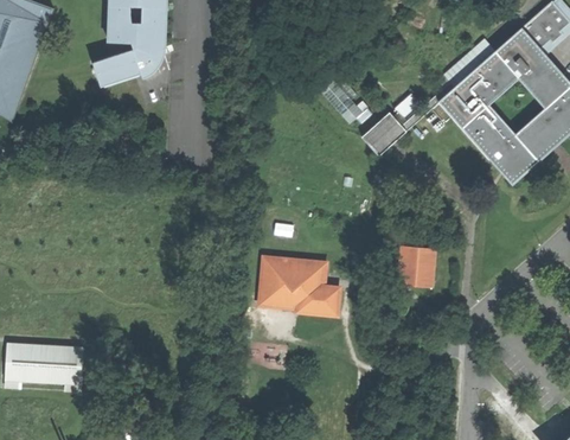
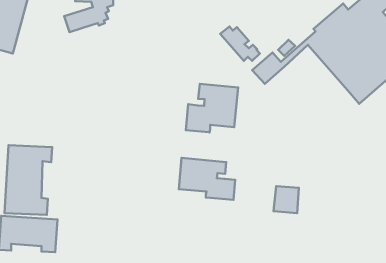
building: none -> [186,84,238,133]
building: none -> [4,145,52,215]
building: [398,248,434,286] -> [274,186,299,213]

